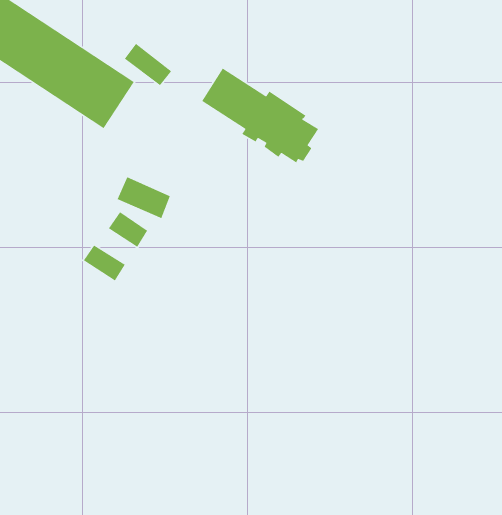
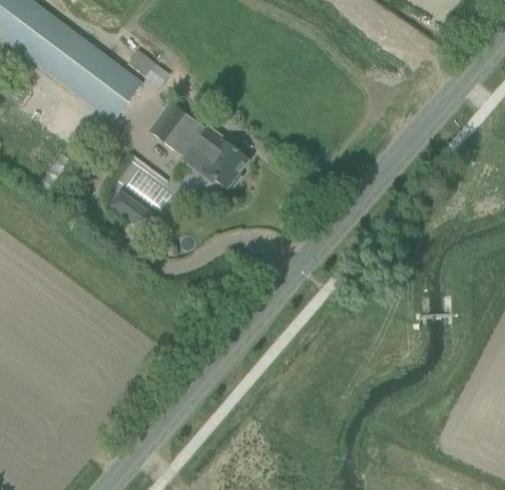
building: [201,68,319,164] -> [149,103,247,188]
building: [83,245,126,282] -> none

